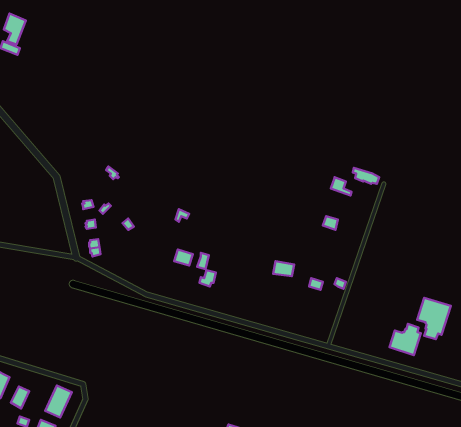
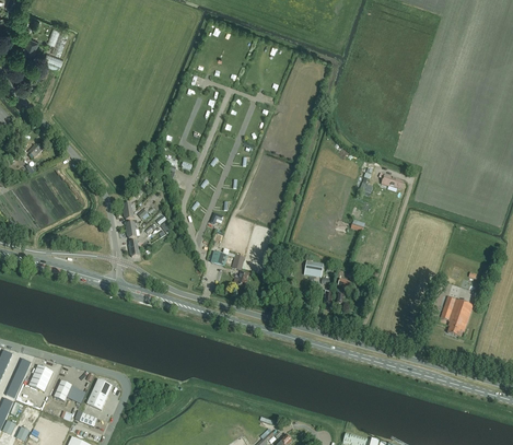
building: [389,324,421,355] -> none

